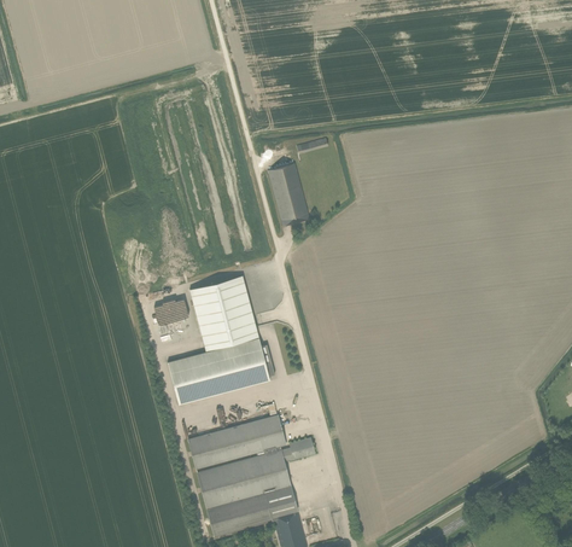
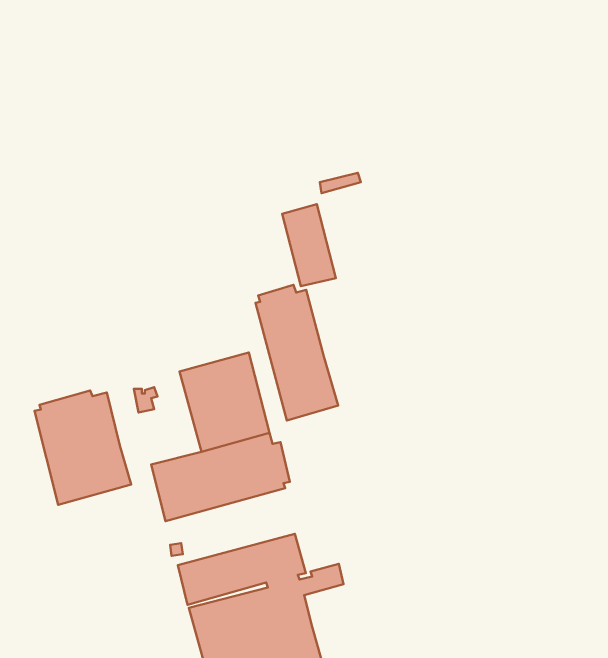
building: none -> [256,285,338,421]
building: none -> [35,390,131,505]

